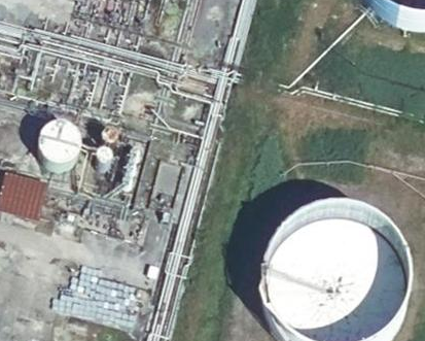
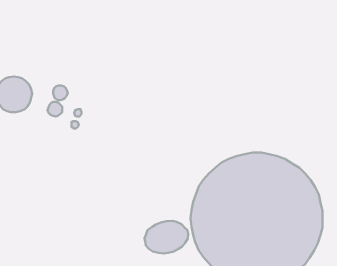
building: none -> [145,221,188,254]

